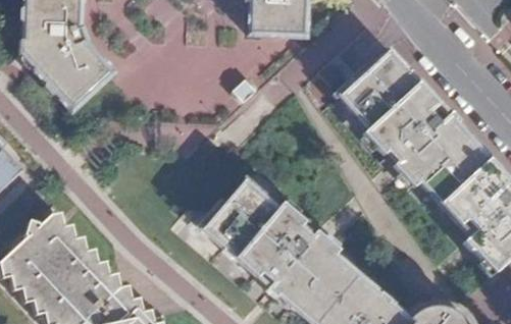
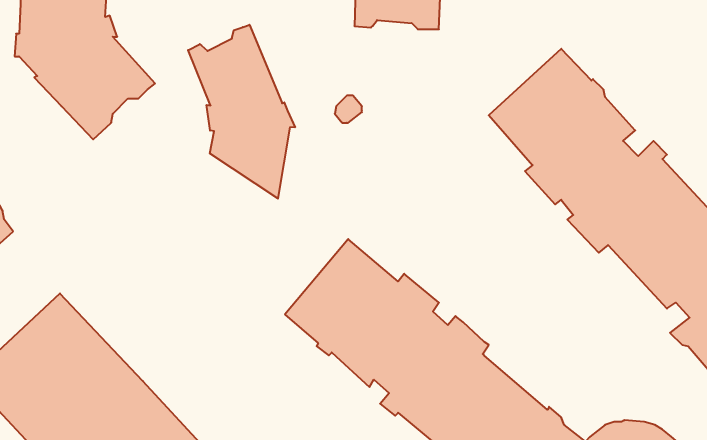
building: none -> [188,25,295,199]

